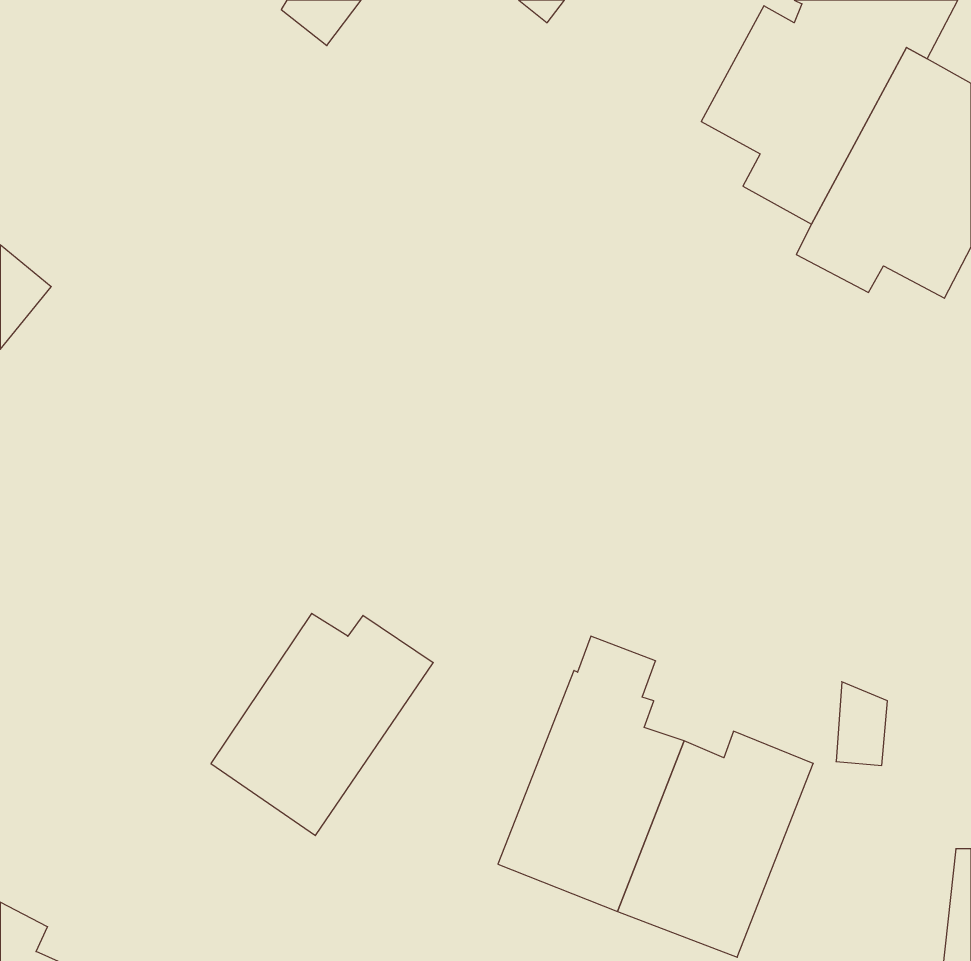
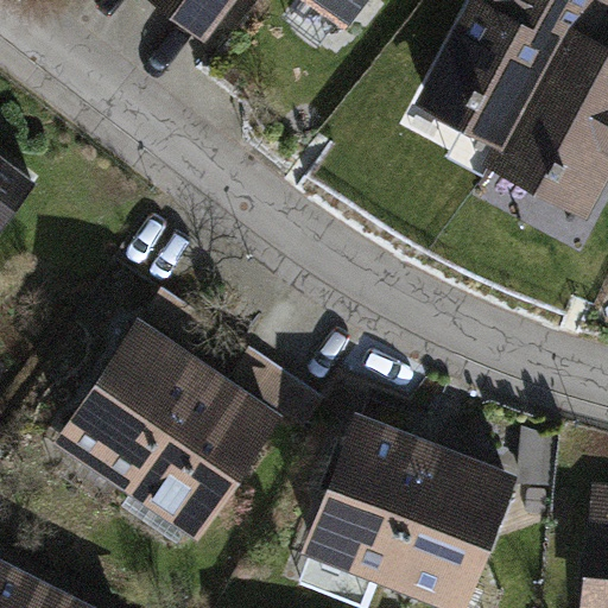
building: none -> [65,330,195,483]

